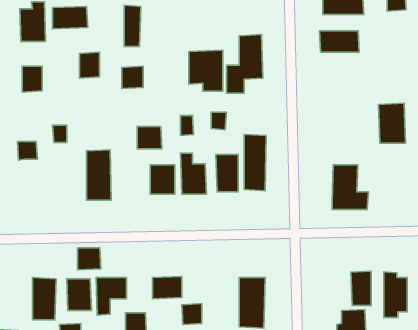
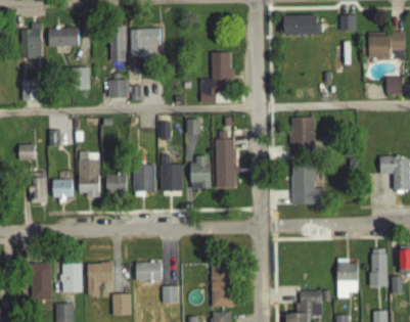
building: [319,31,359,52] -> none
building: [189,50,223,91] -> [131,28,161,63]
building: [378,103,406,143] -> [291,117,315,151]
building: [137,126,162,149] -> [106,174,128,193]
building: none -> [30,172,48,202]
building: [77,248,101,270] -> [53,179,74,198]
building: [351,271,371,306] -> none

